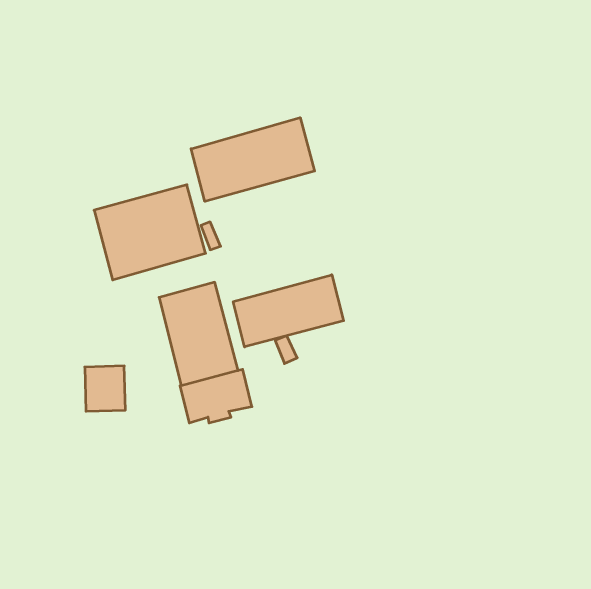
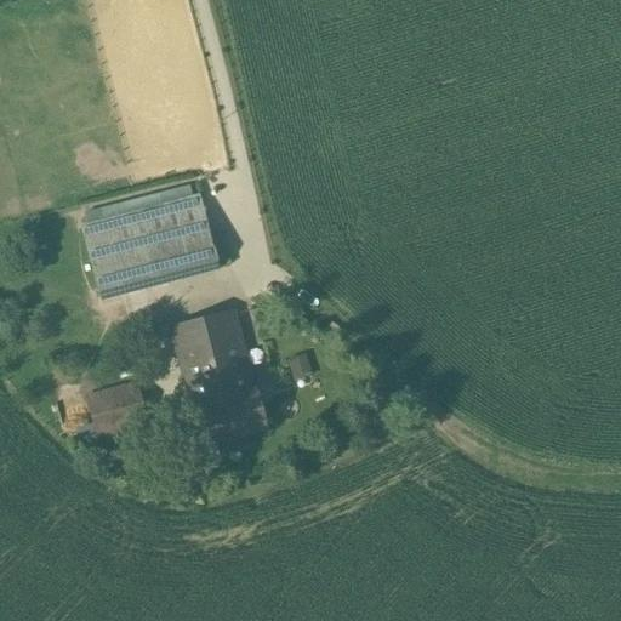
building: [191,118,315,201] -> none
building: [233,275,344,347] -> none

